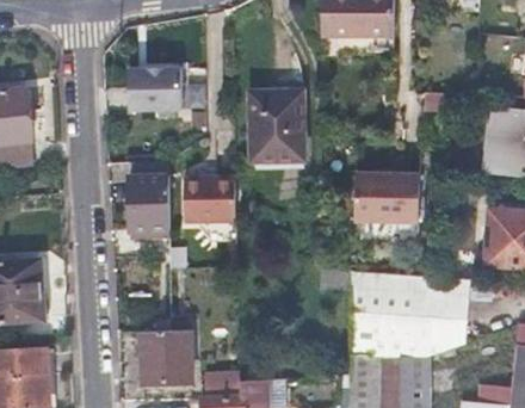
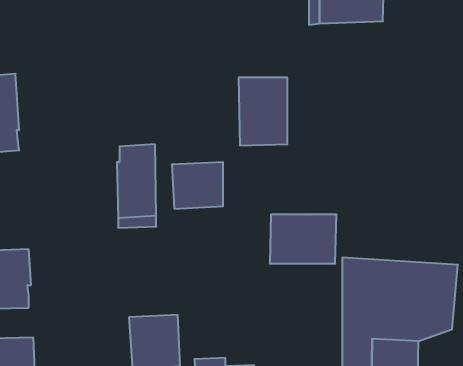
building: [128,68,181,111] -> none
building: [356,174,422,223] -> [270,215,337,264]

